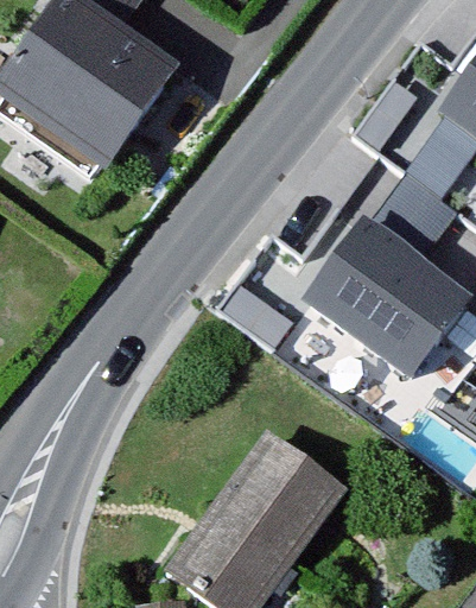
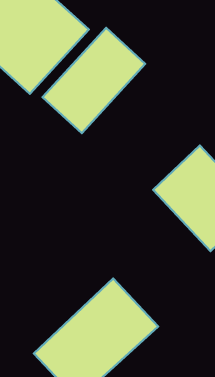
building: none -> [43,28,145,133]

